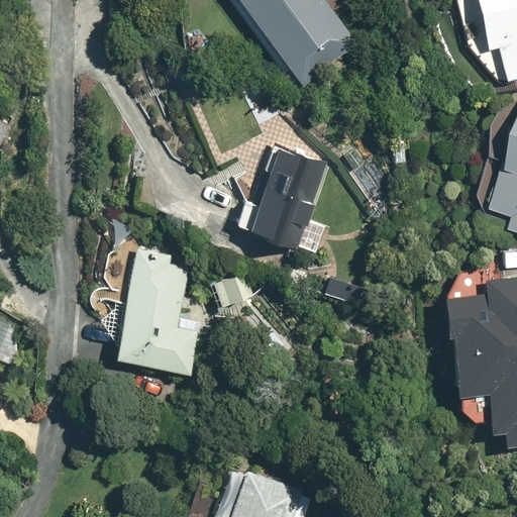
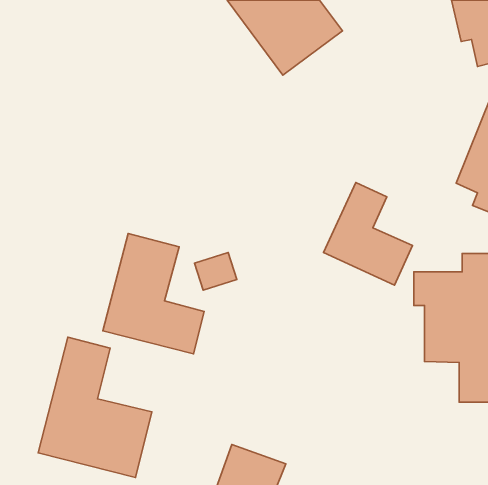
building: [238,138,335,246] -> none
building: none -> [324,182,413,285]
building: none -> [38,337,152,477]

